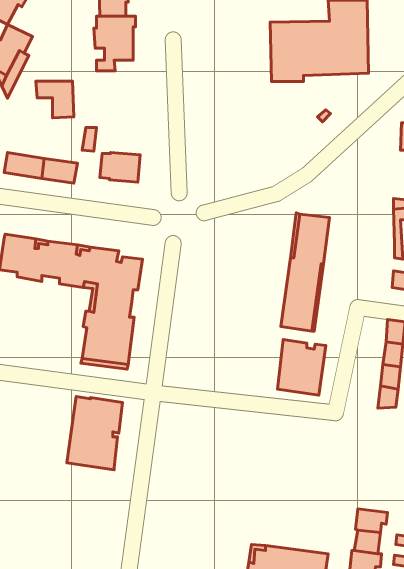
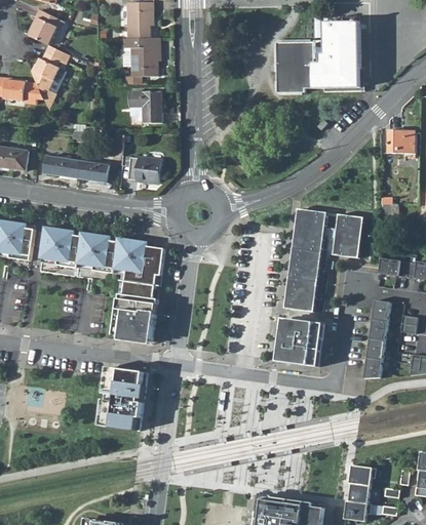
building: [36,81,74,118] -> [128,92,161,124]
building: none -> [333,213,363,257]

